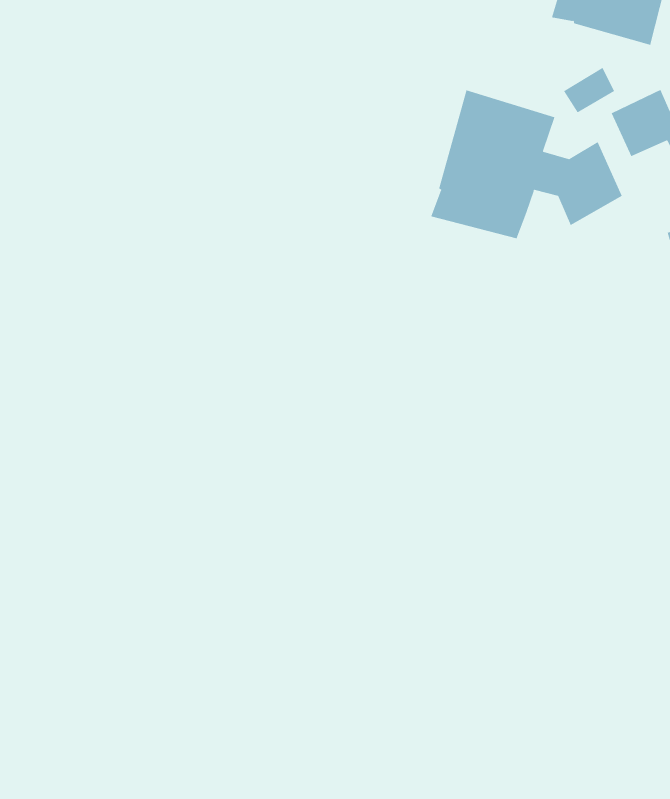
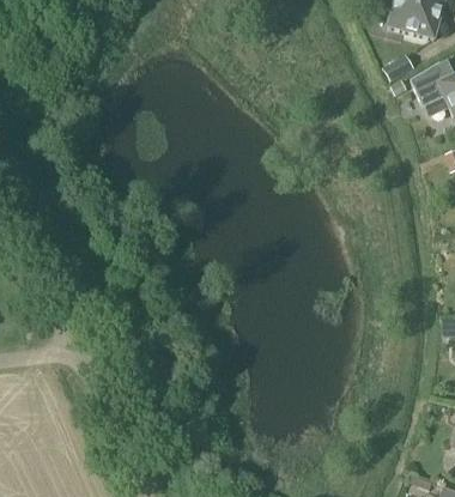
building: [431,90,622,239] -> none

